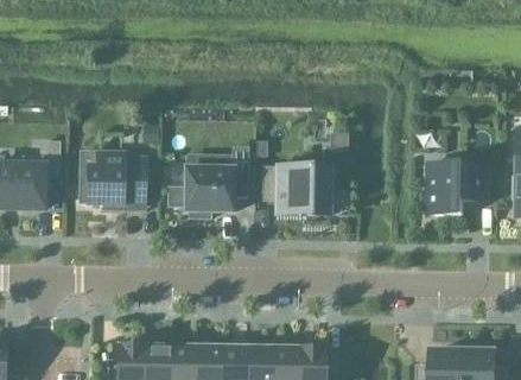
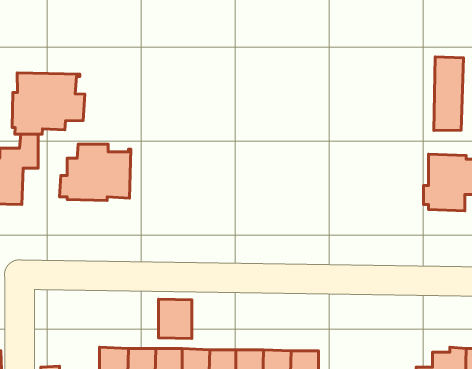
building: none -> [434,57,464,131]
building: none -> [12,73,85,134]
building: [184,160,248,217] -> none
building: [261,164,330,213] -> none
building: none -> [159,299,192,338]

